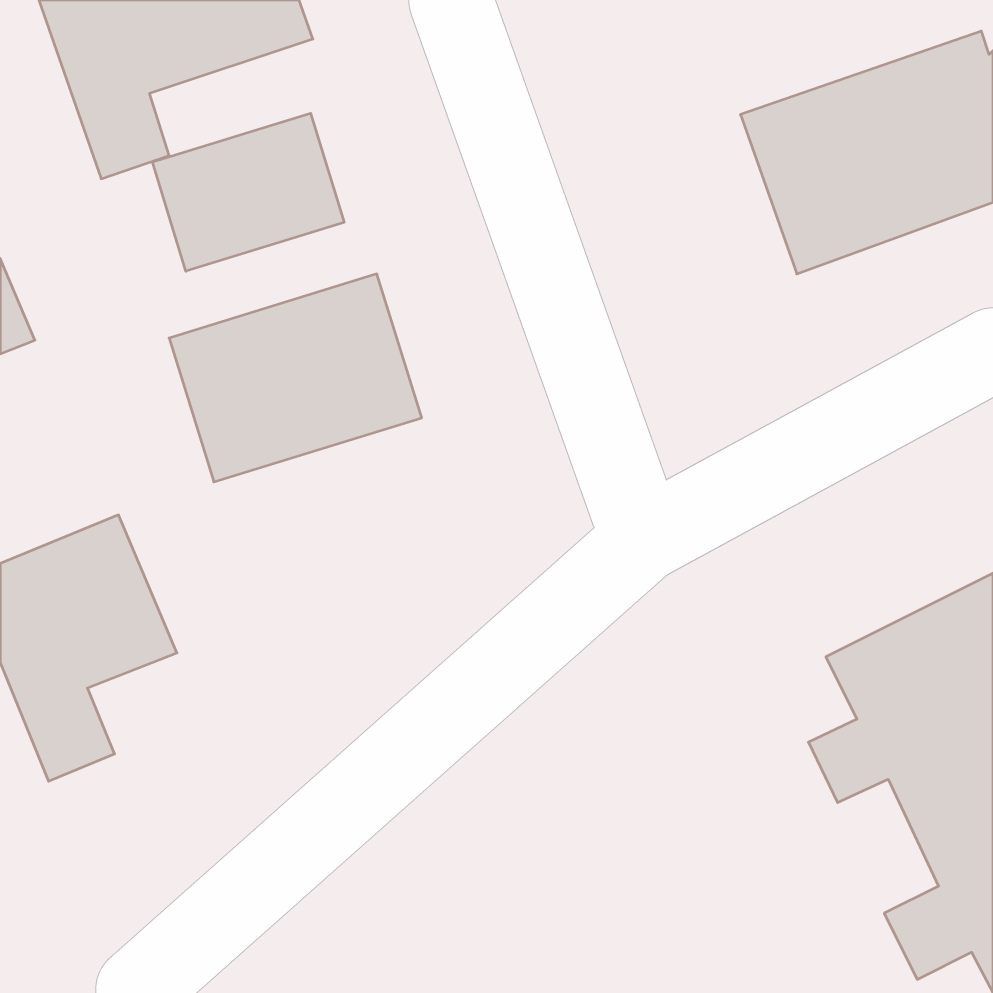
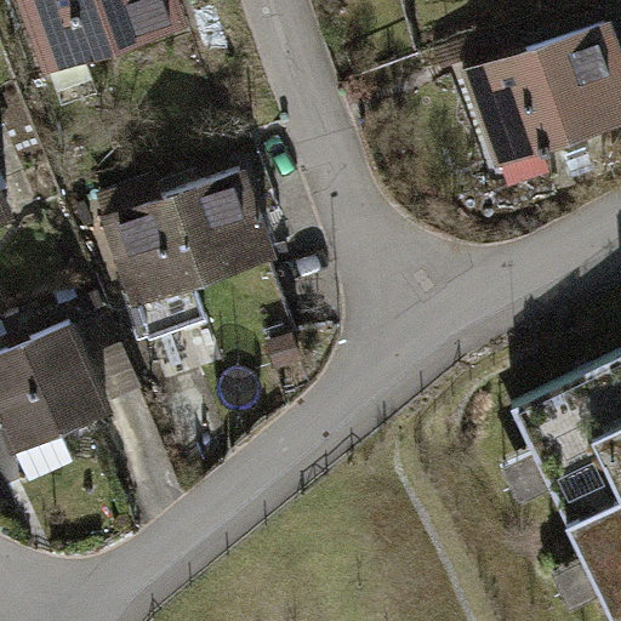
building: [153,113,344,271] -> none

